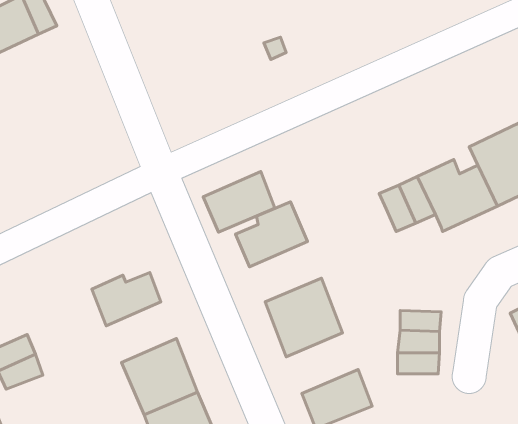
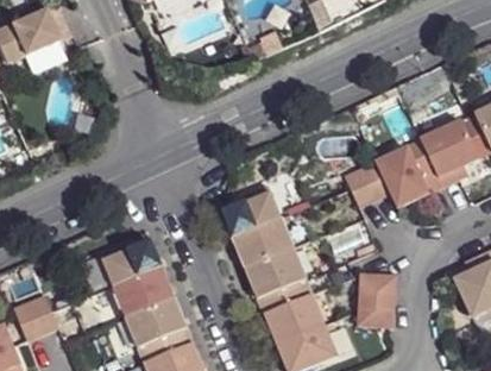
building: [203,172,275,232] -> [233,215,294,266]
building: none -> [112,266,171,317]
building: none -> [264,293,325,344]

